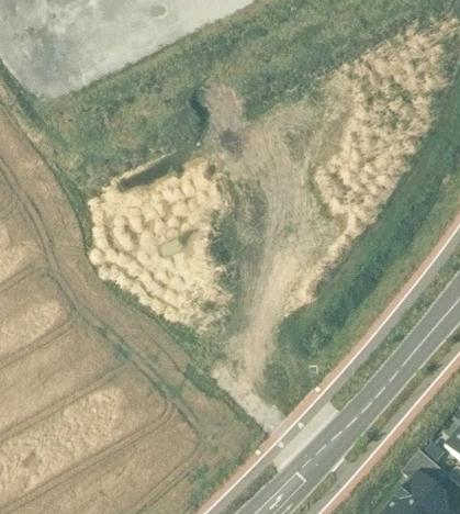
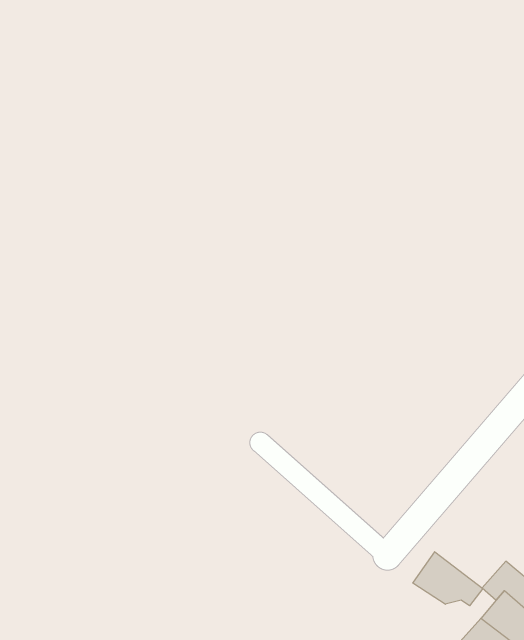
building: none -> [413,552,483,606]

